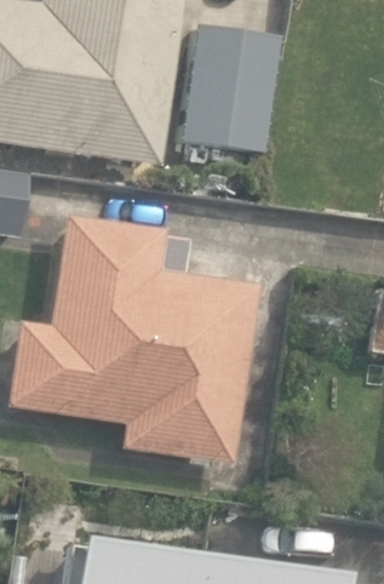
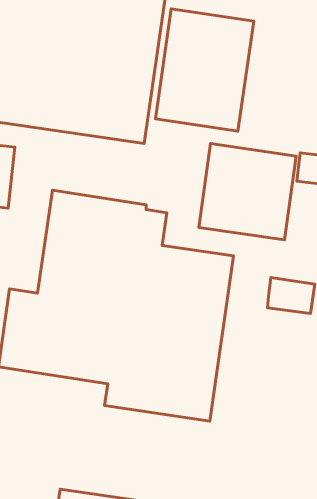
building: none -> [199,144,296,240]

